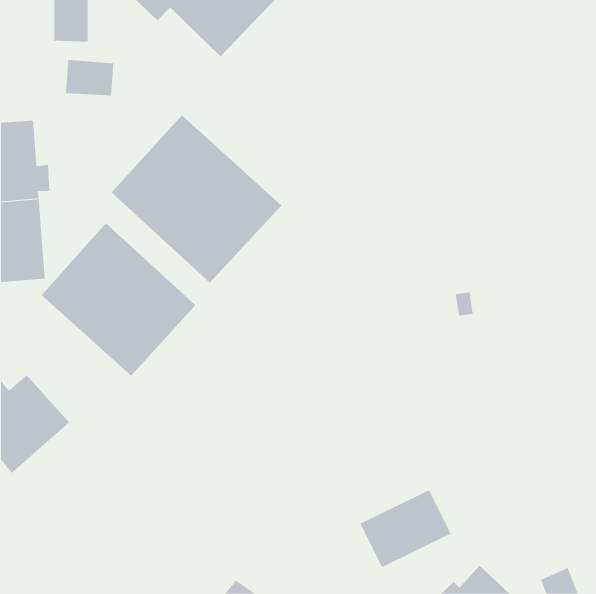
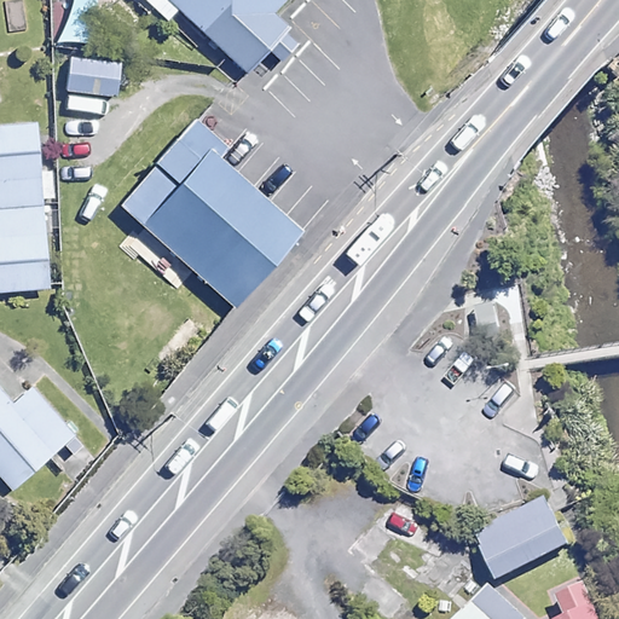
building: [41,223,196,377] -> none
building: [359,490,452,568] -> [476,502,572,583]

